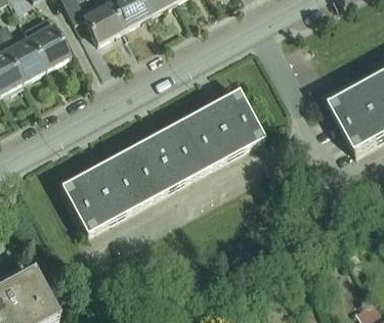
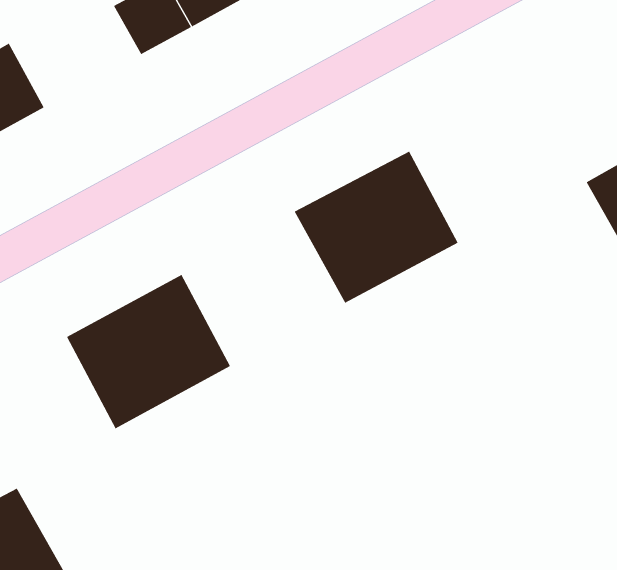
building: [29,22,71,68] -> none
building: [119,123,204,203] -> none

